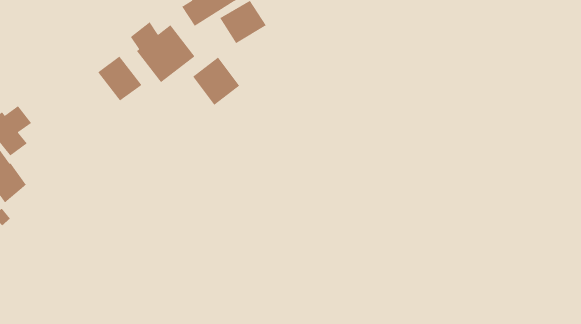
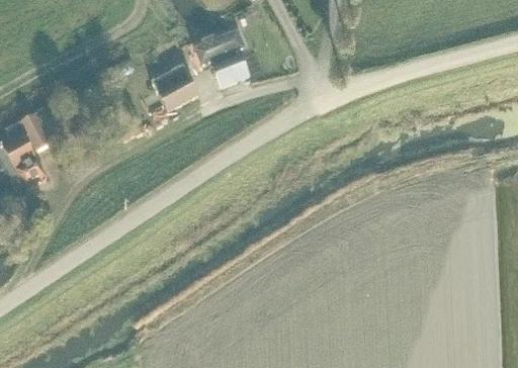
building: [97,56,142,102] -> none
building: [192,56,240,106] -> none

